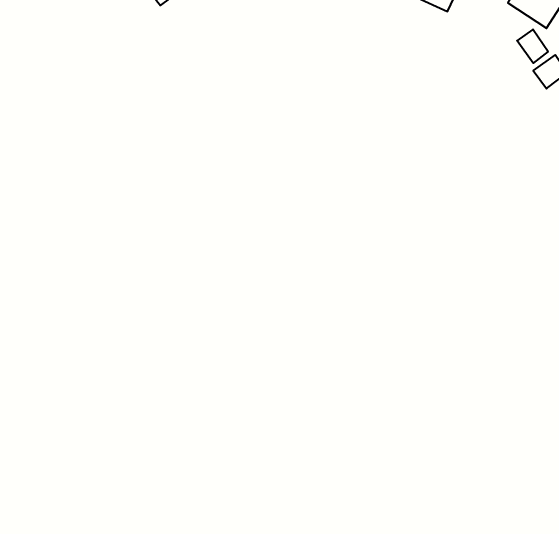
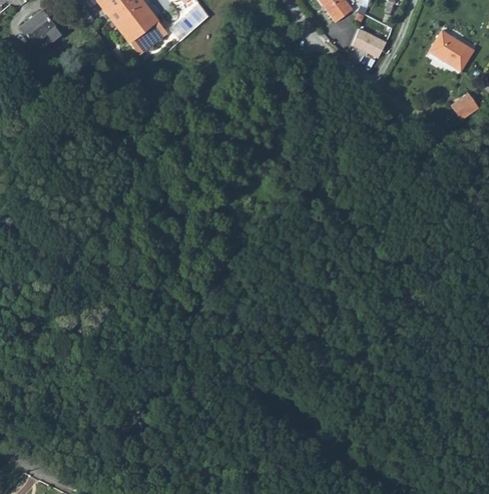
building: [517,29,548,63] -> none

